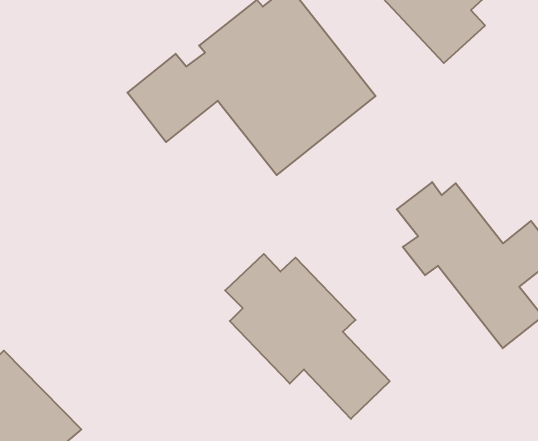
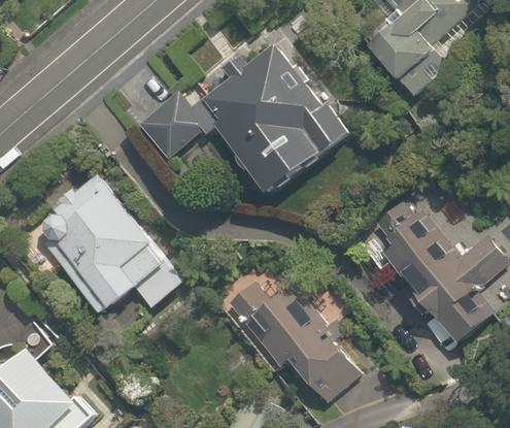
building: none -> [28,167,191,317]

